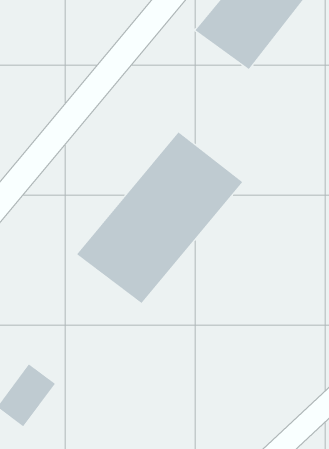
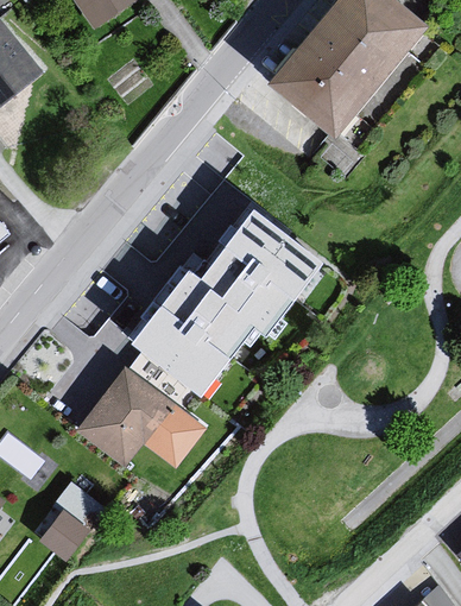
building: none -> [75,366,207,468]

